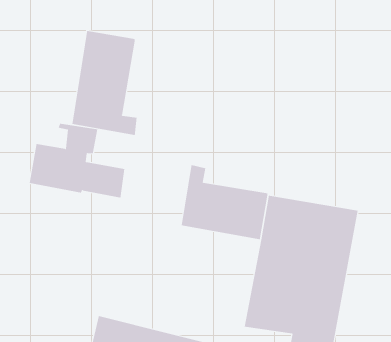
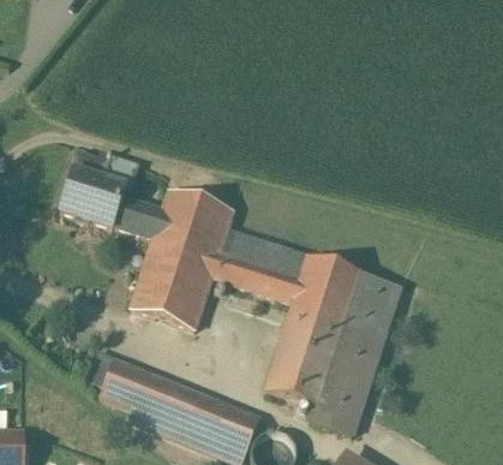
building: [72,30,137,136] -> none
building: none -> [130,189,233,327]

